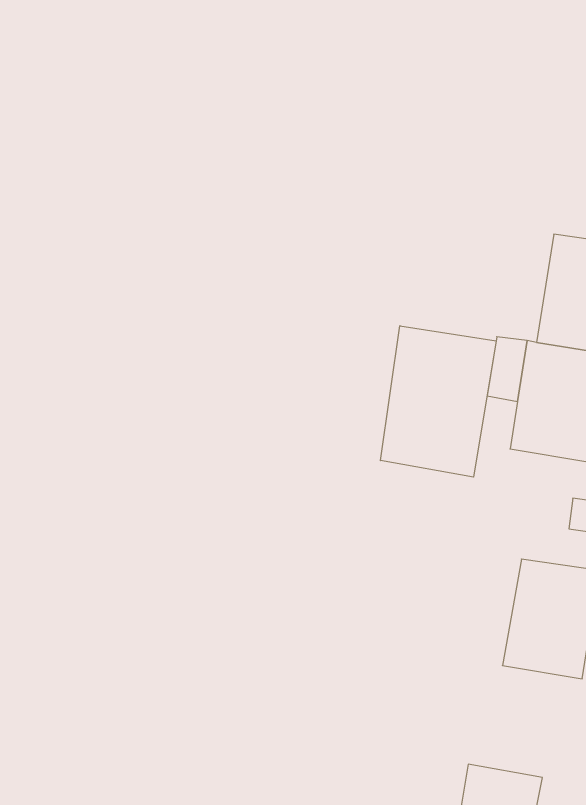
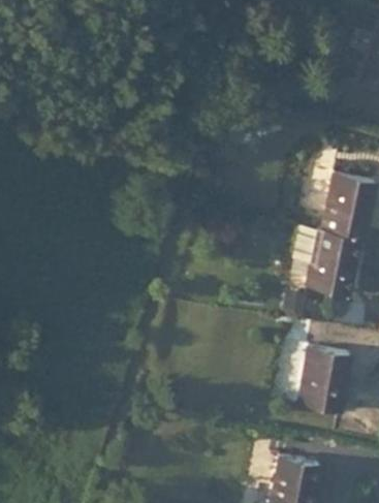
building: [380,326,496,477] -> none

